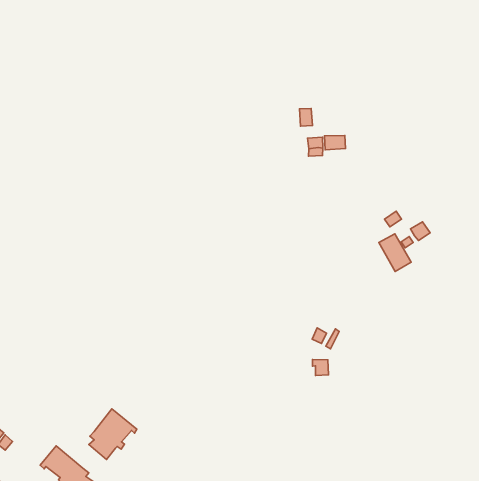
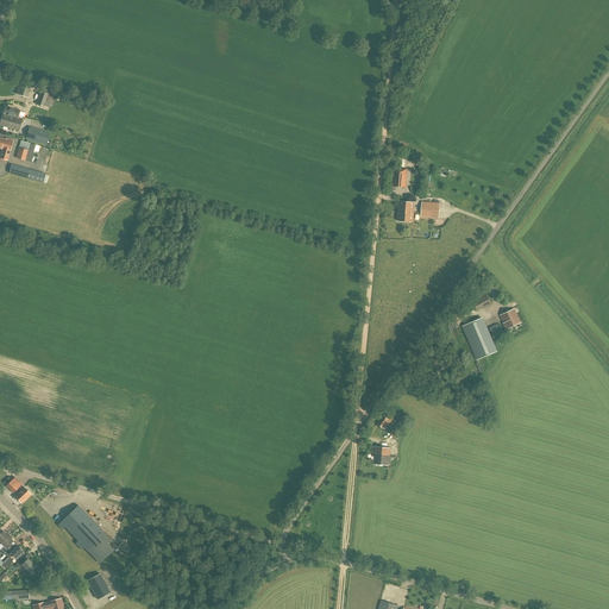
building: [89,409,137,460] -> none

